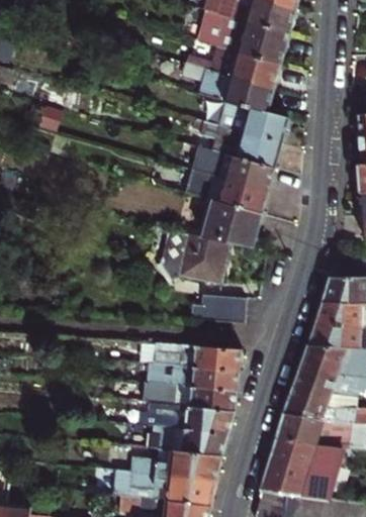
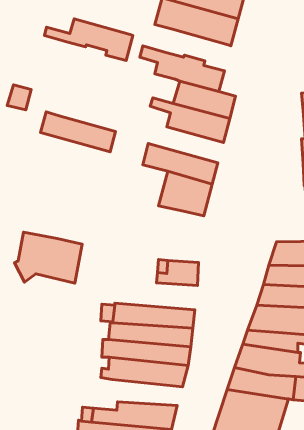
building: [185,44,281,90] -> [45,19,133,61]
building: [191,146,273,190] -> [40,112,116,152]
building: [156,229,230,285] -> [14,232,82,283]
building: [147,425,228,453] -> none

